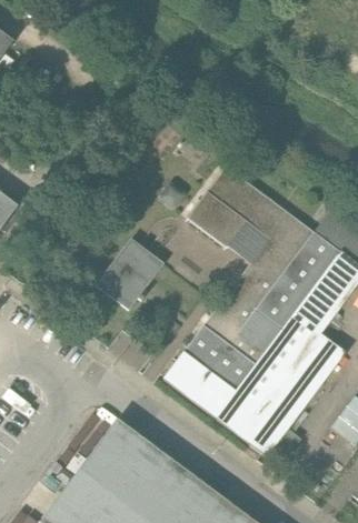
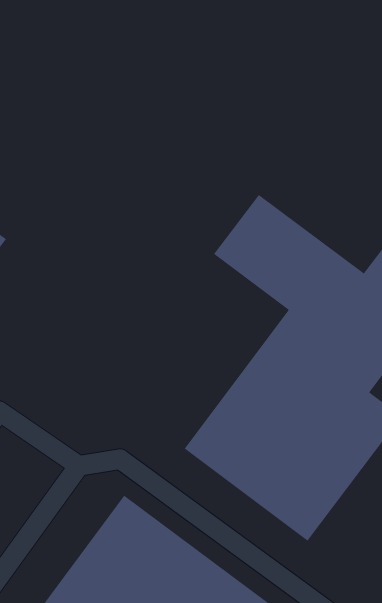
building: [95,239,163,310] -> none

